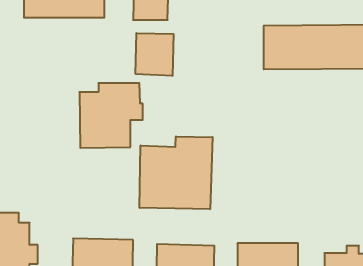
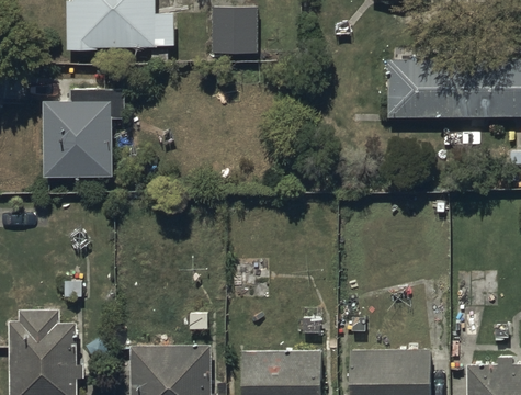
building: [136,33,173,76] -> none
building: [79,83,143,148] -> [44,87,128,173]
building: [140,136,213,209] -> none

